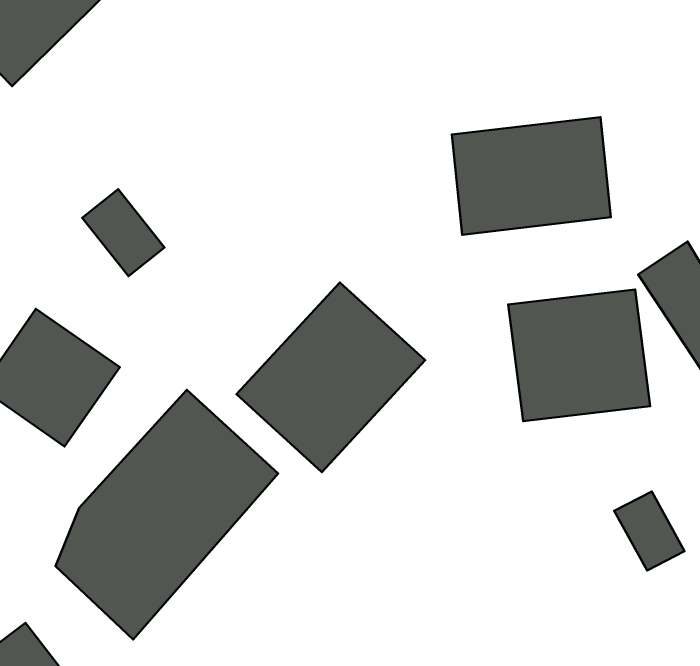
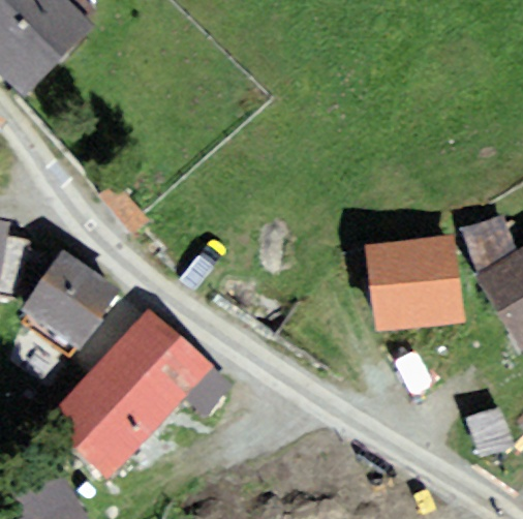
building: [452,117,611,235] -> none
building: [236,282,425,472] -> none

